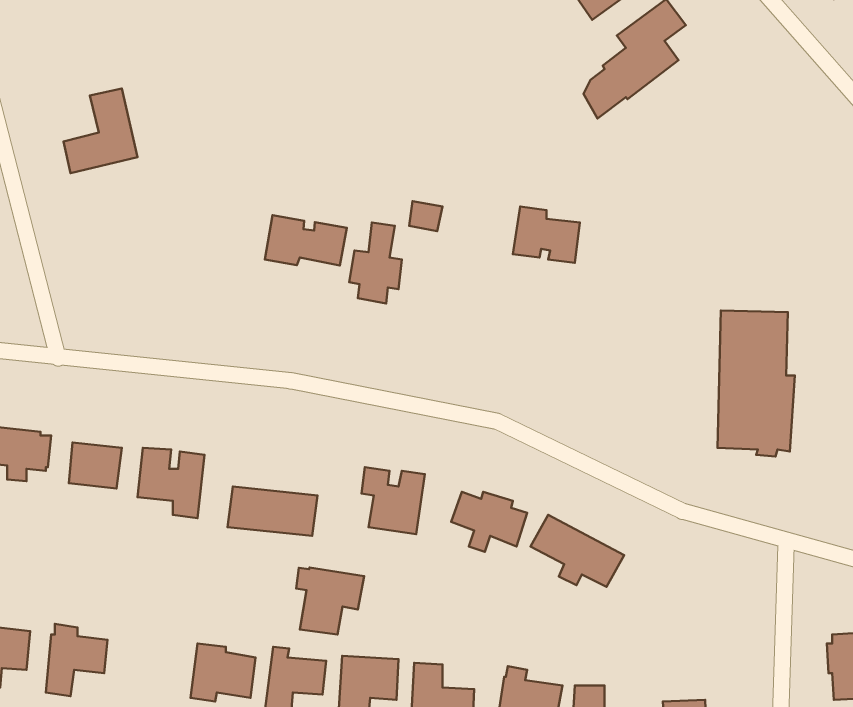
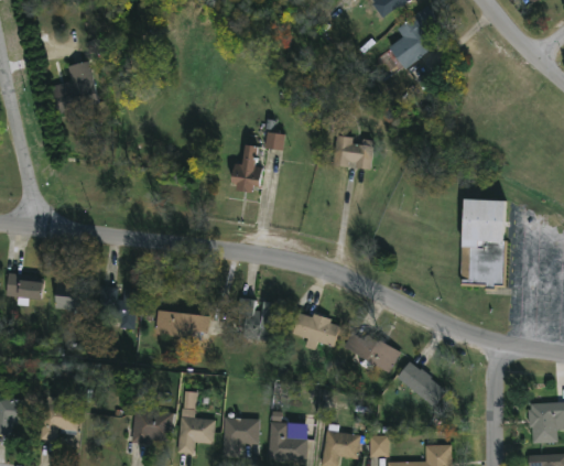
building: [265,215,347,265] -> none
building: [296,567,364,635] -> none
building: none -> [398,361,446,407]

